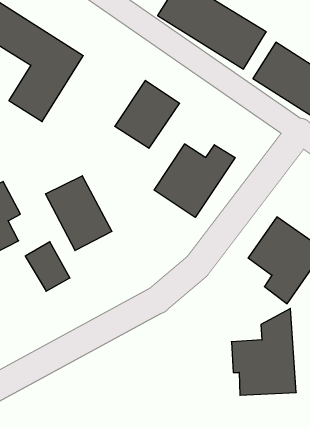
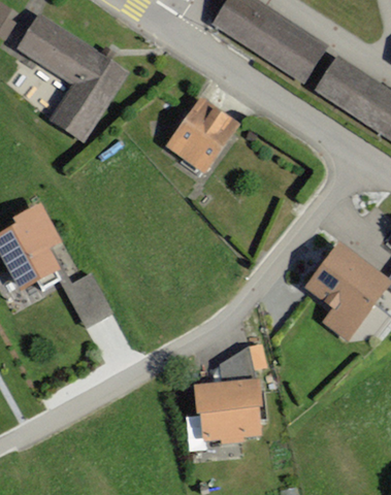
building: [154,144,235,217] -> none
building: [46,176,112,251] -> none
building: [231,308,296,395] -> [186,345,256,439]

